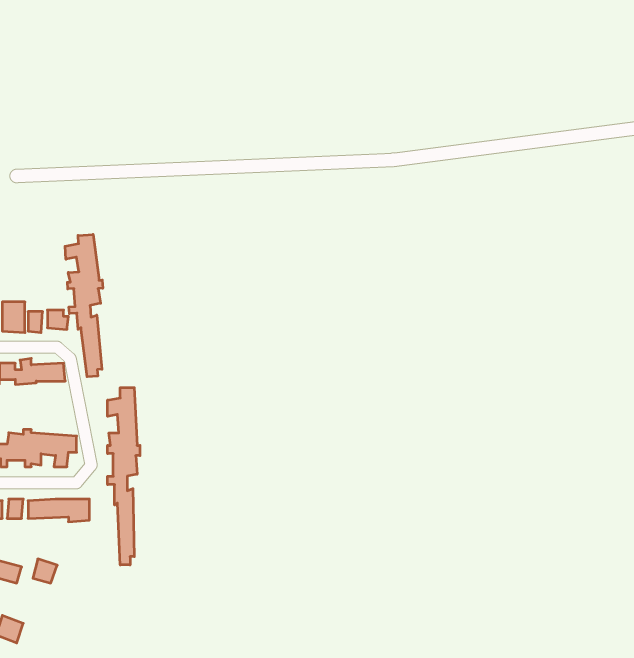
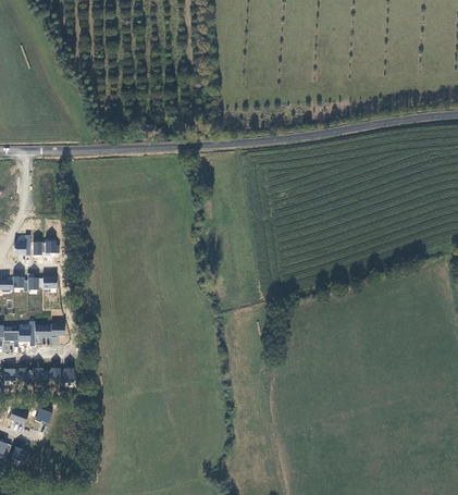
building: [65,234,103,377] -> none
building: [108,388,140,565] -> none

